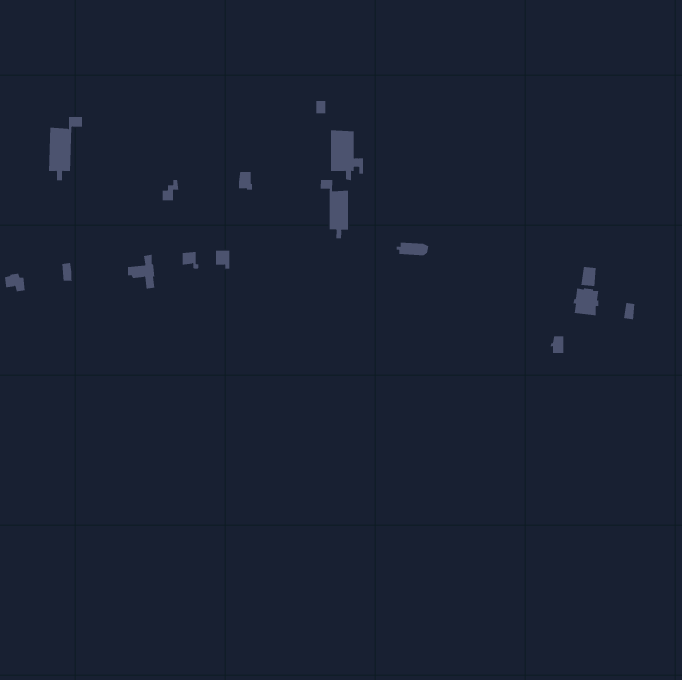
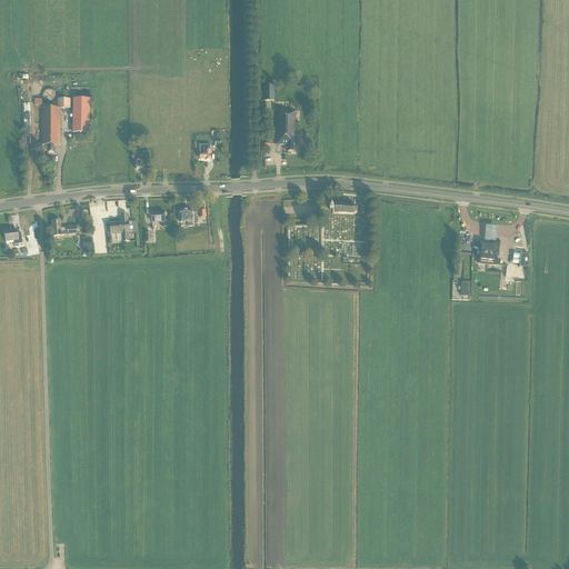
building: none -> [71,96,89,130]
building: [320,179,348,239] -> none

